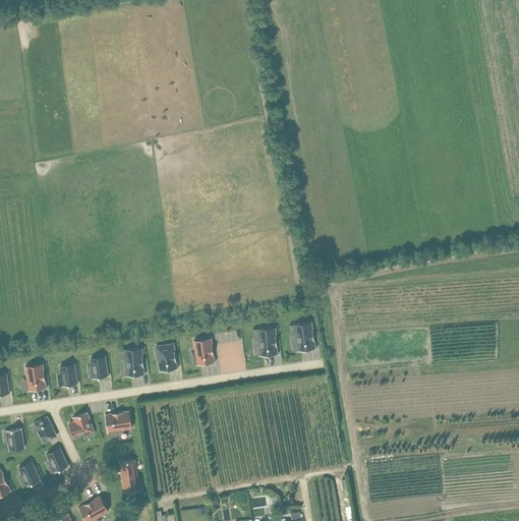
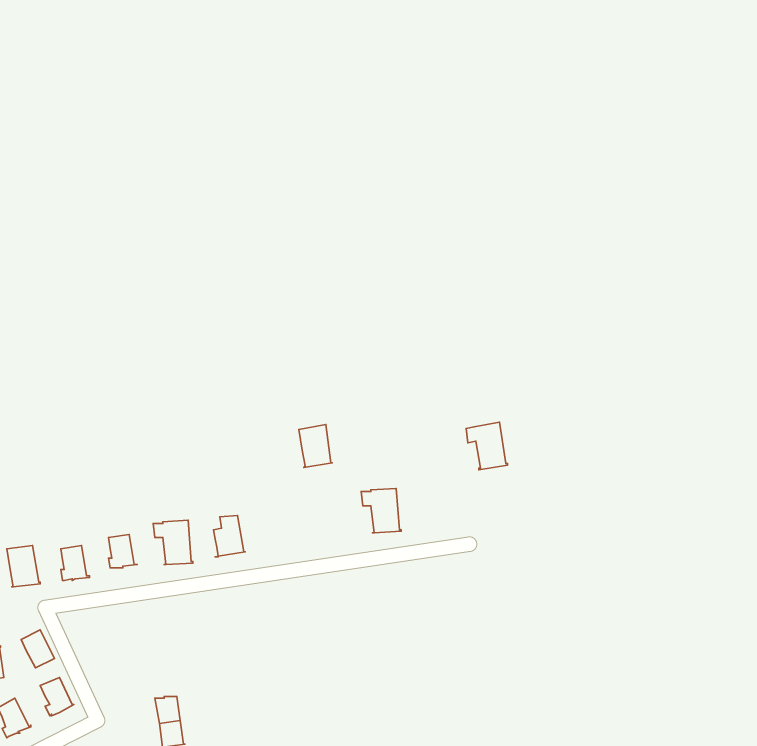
building: [289,322,315,352] -> [466,422,507,470]
building: [193,338,215,365] -> [299,425,332,468]
building: [69,412,93,438] -> none
building: [105,412,132,433] -> none

